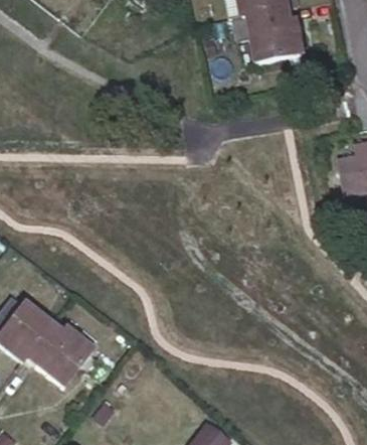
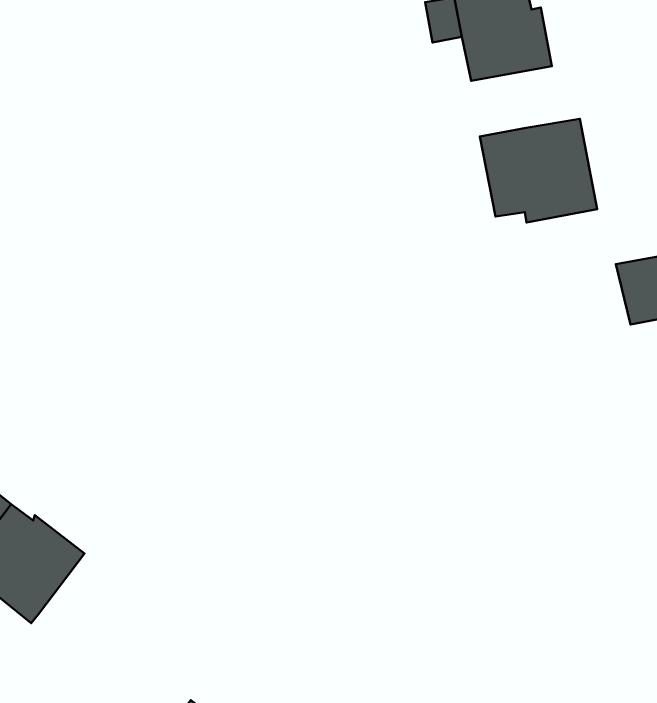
building: none -> [480,119,597,222]
building: [25,321,91,384] -> none

